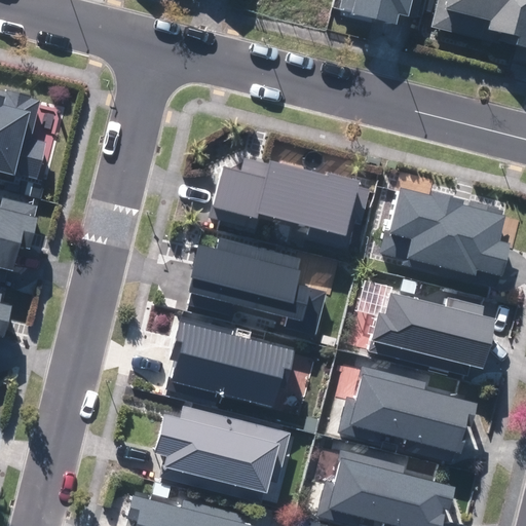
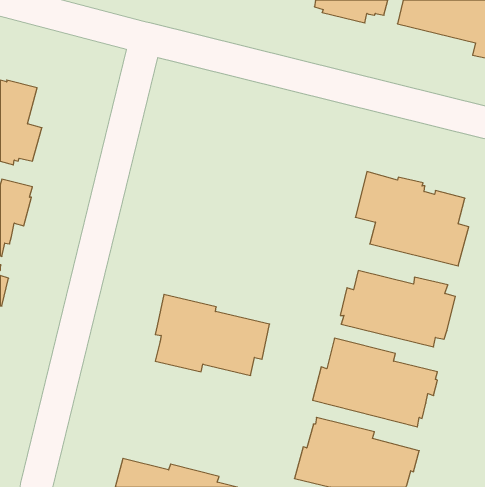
building: [213,157,372,247] -> none
building: [187,239,328,334] -> none
building: [154,405,292,503] -> none

